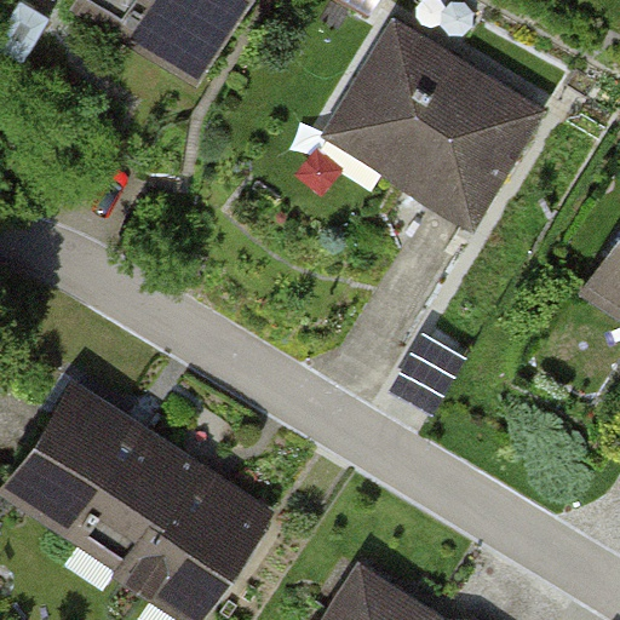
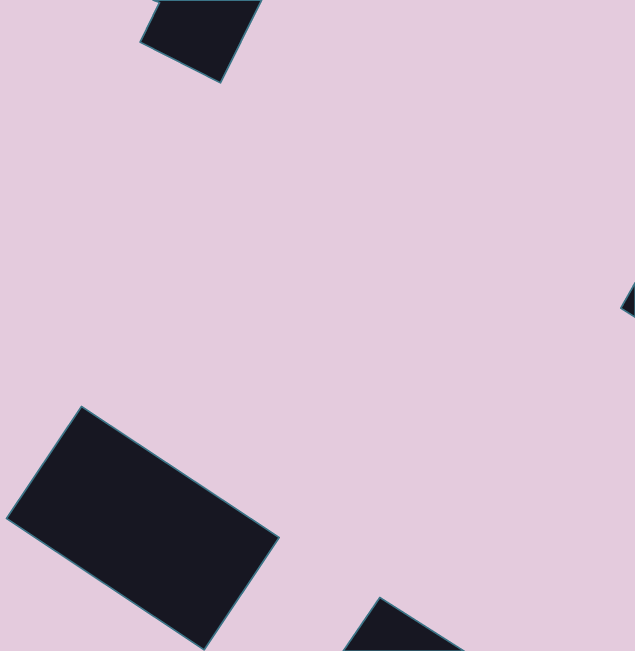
building: [323,21,541,223] -> none

